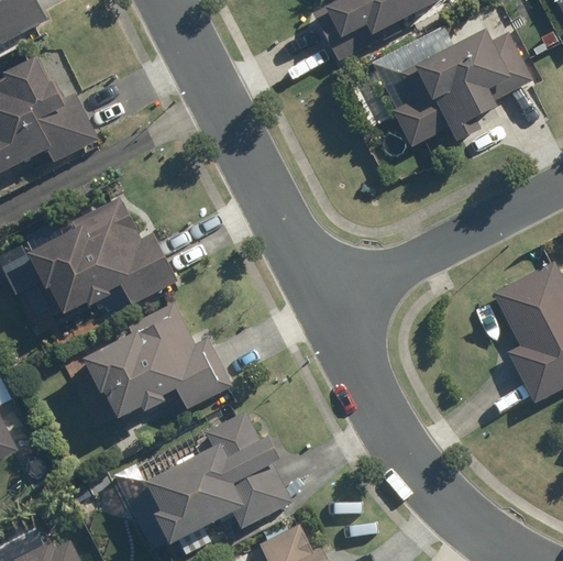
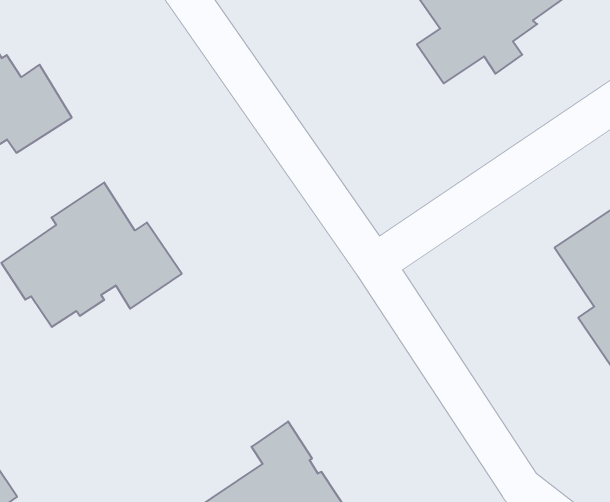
building: [80,303,230,418] -> none

